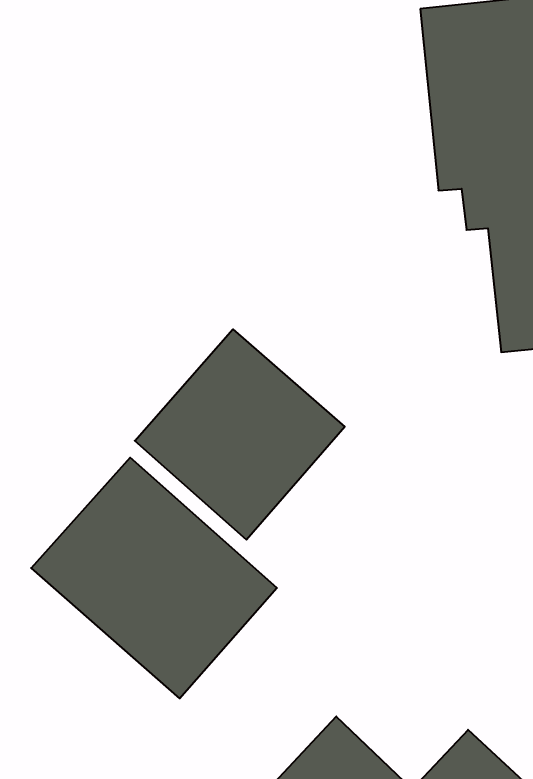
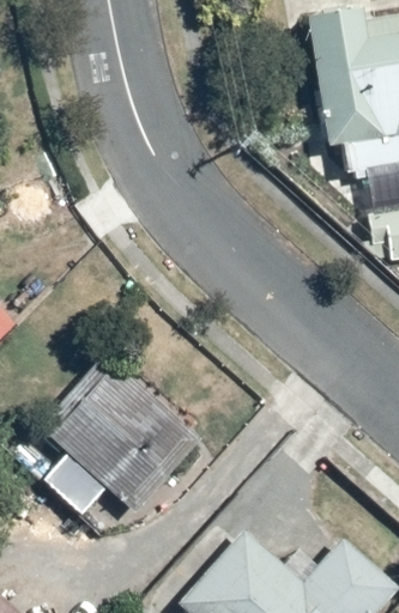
building: [135,329,345,540] -> none

